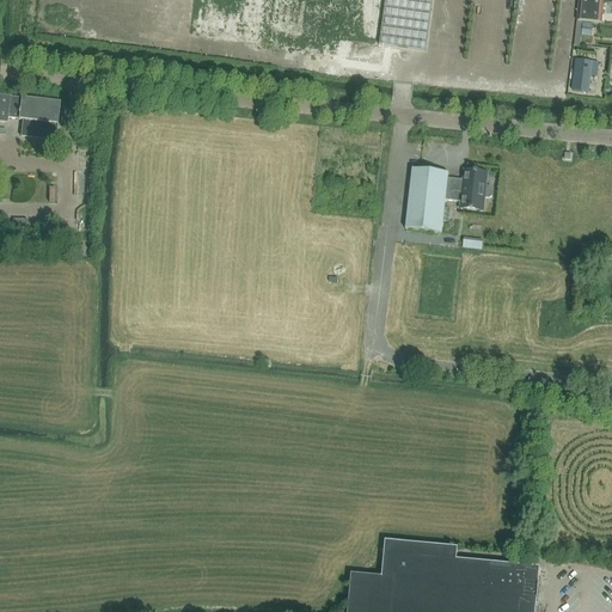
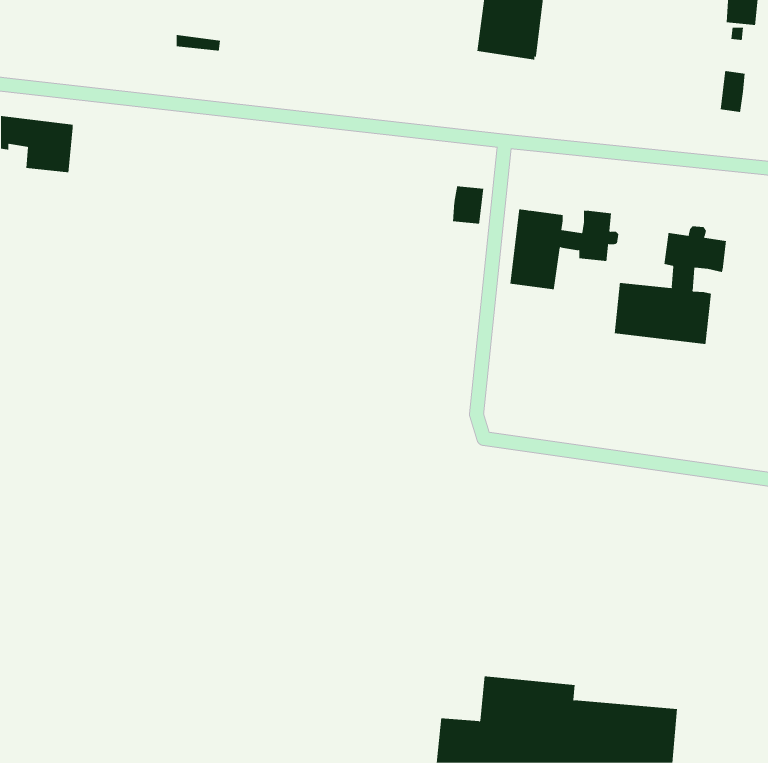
building: none -> [452,186,484,225]
building: none -> [614,225,727,345]

